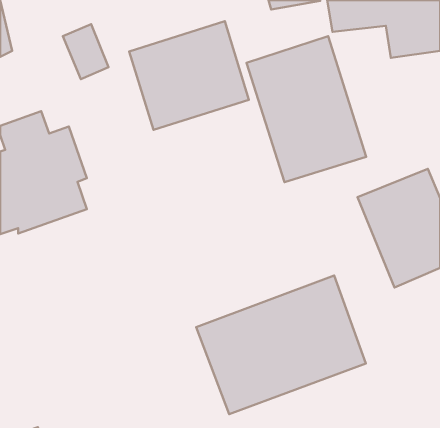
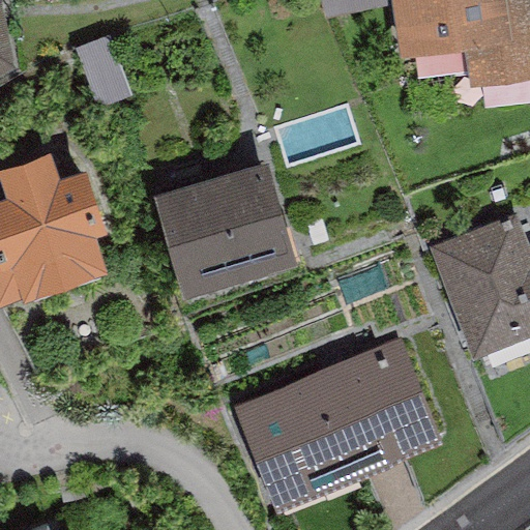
building: [129,21,249,130] -> [153,160,297,291]
building: [246,36,366,182] -> none

